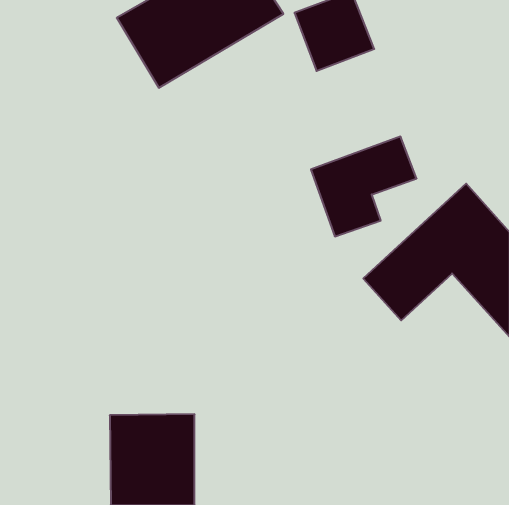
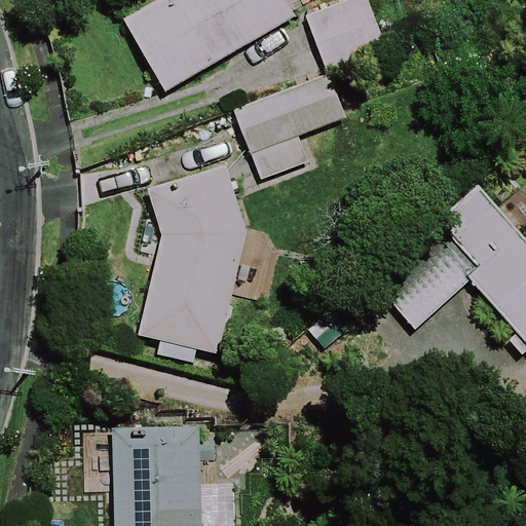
building: [311,137,417,236] -> [234,76,343,179]
building: none -> [136,163,247,362]

